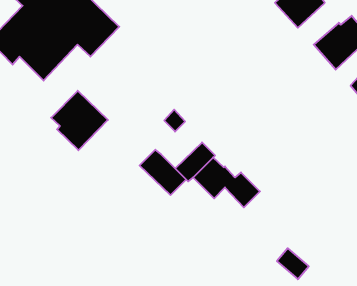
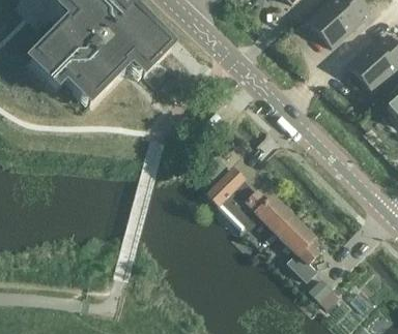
building: [51,91,108,150] -> none
building: [140,150,186,195] -> none
building: none -> [279,218,321,272]

